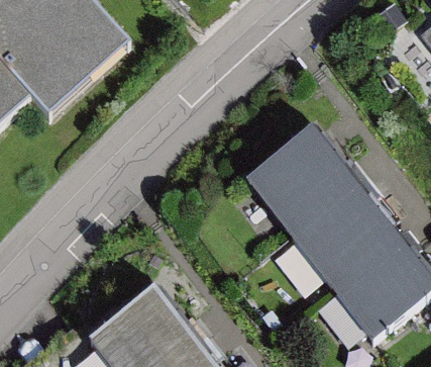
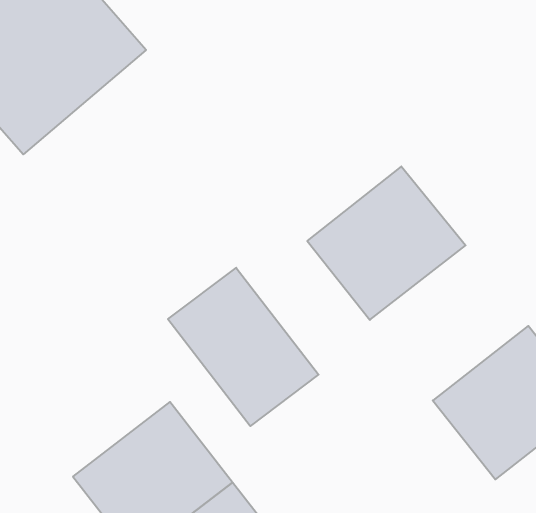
building: [287,178,394,283] -> none
building: none -> [168,268,319,426]

